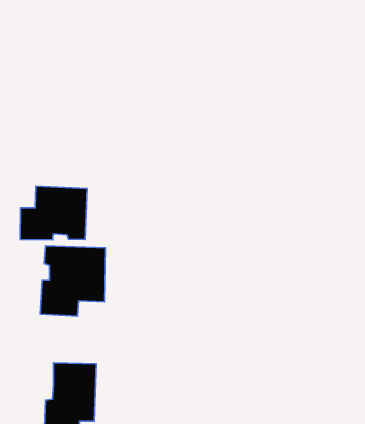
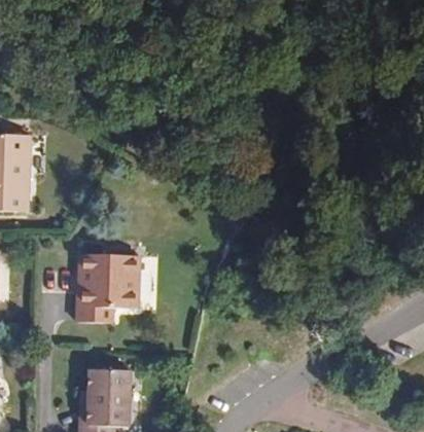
building: [20,186,87,240] -> none

